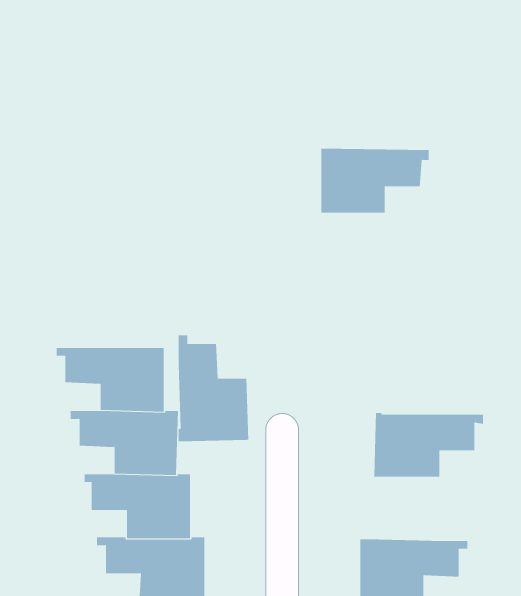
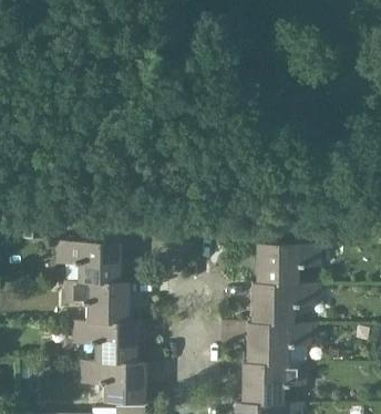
building: [321,148,429,213] -> [257,242,326,283]
building: [178,334,249,442] -> none
building: none -> [247,322,316,363]

